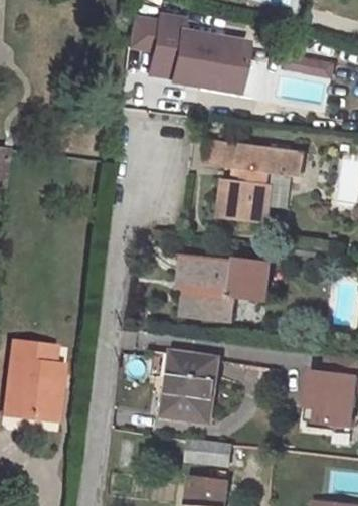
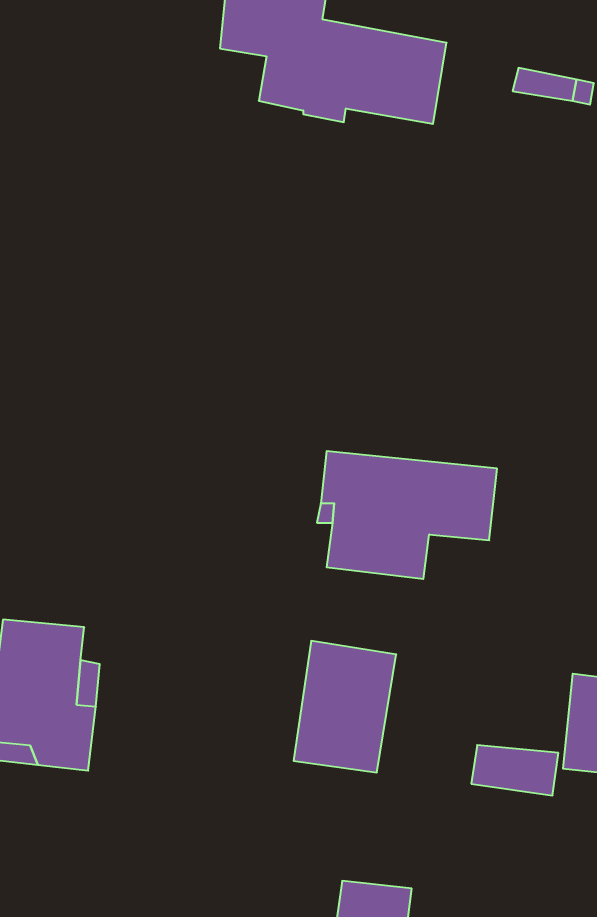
building: [202,140,304,224] -> none
building: [186,438,231,464] -> [471,745,558,795]

